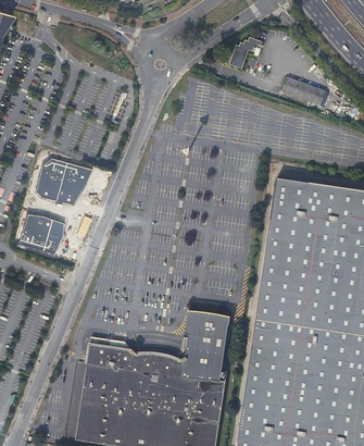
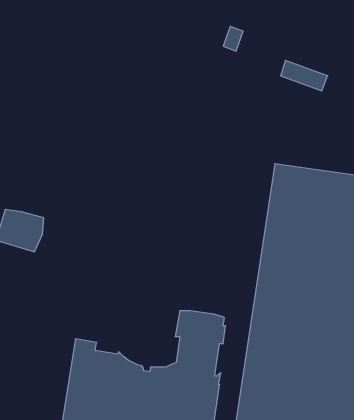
building: [36,159,92,206] -> none

